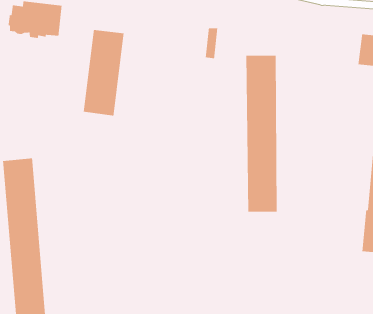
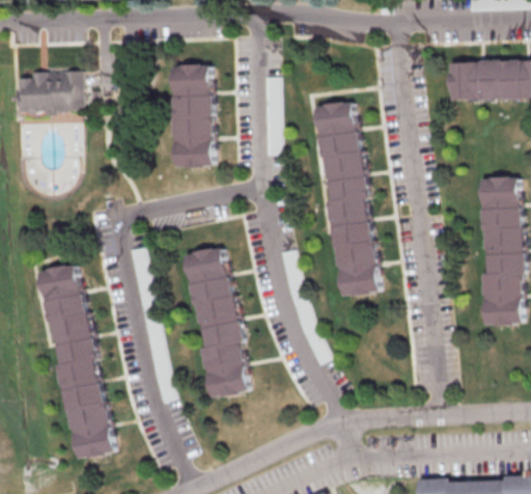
building: [83,29,124,116] -> [172,63,212,166]
building: none -> [185,246,248,397]

